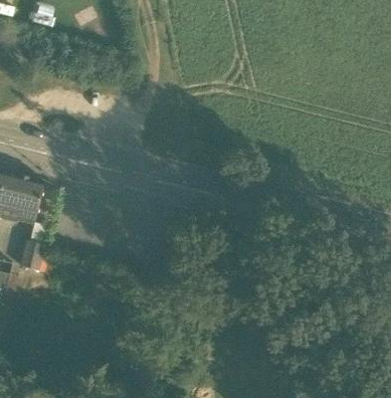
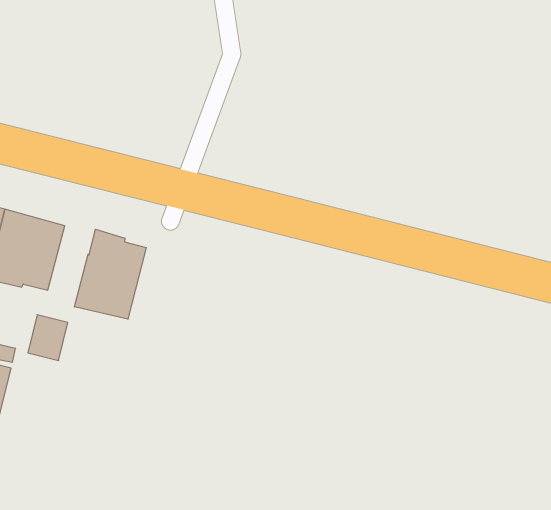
building: none -> [74,229,146,319]

